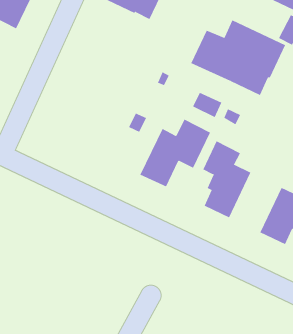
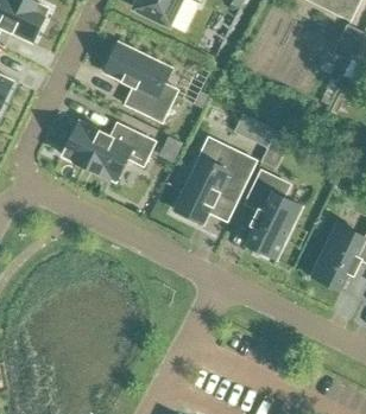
building: [190,20,286,96] -> none
building: none -> [105,42,177,121]
building: none -> [63,121,154,180]

